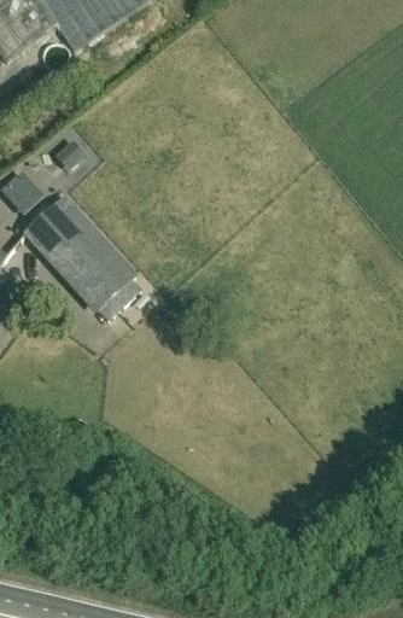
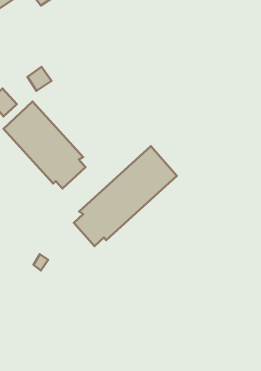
building: none -> [74,146,177,246]

